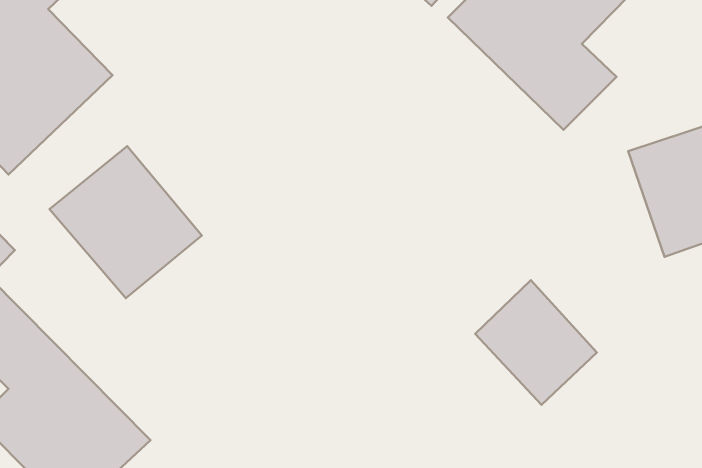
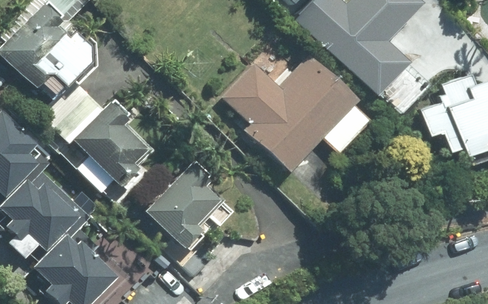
building: none -> [217,55,373,170]
building: none -> [139,161,235,255]
building: [475,280,597,405] -> none

